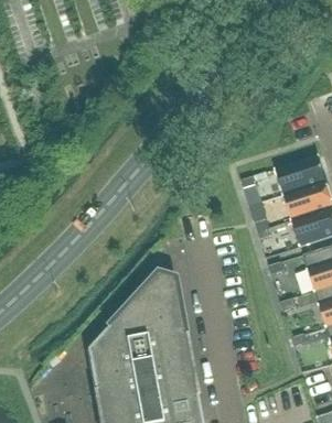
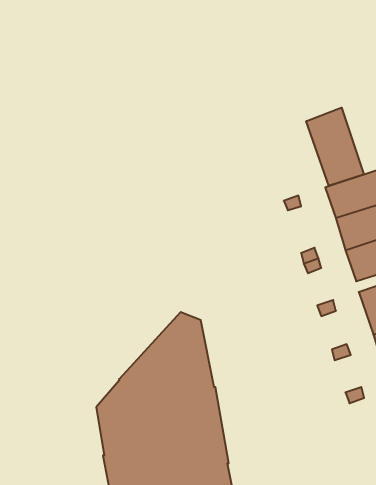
building: none -> [306,108,364,186]

